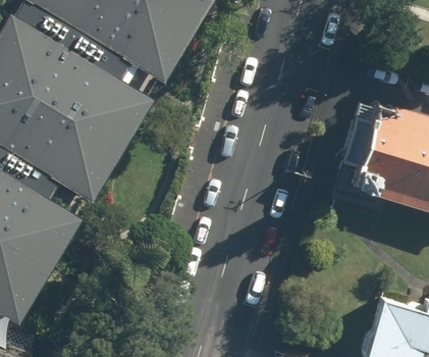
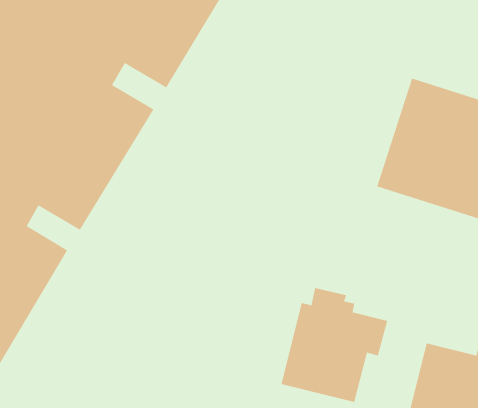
building: none -> [280,287,388,403]

